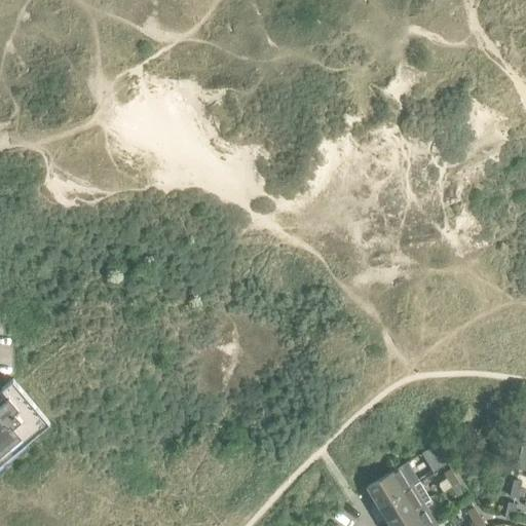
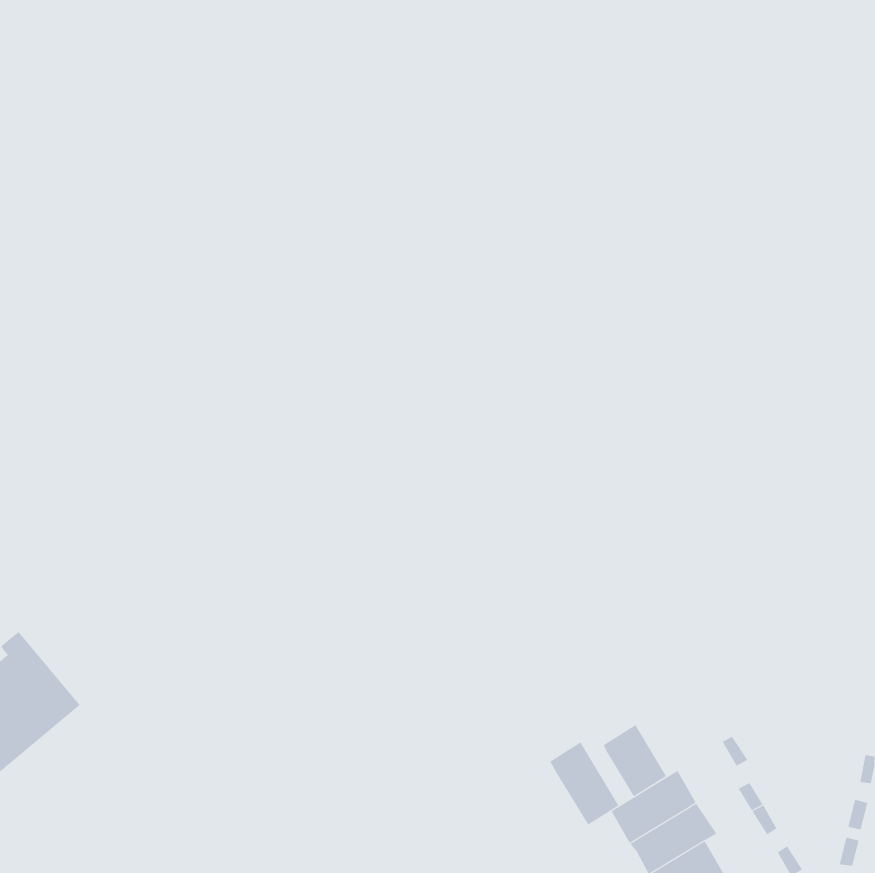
building: none -> [603,724,667,797]
building: none -> [550,742,619,826]

